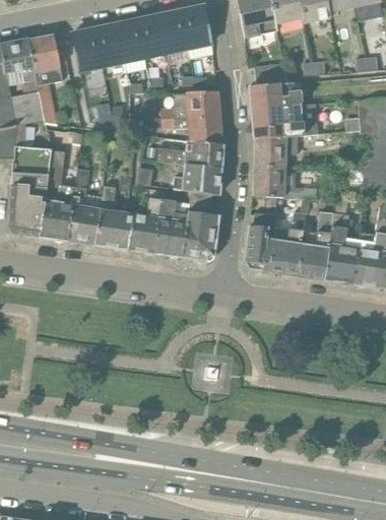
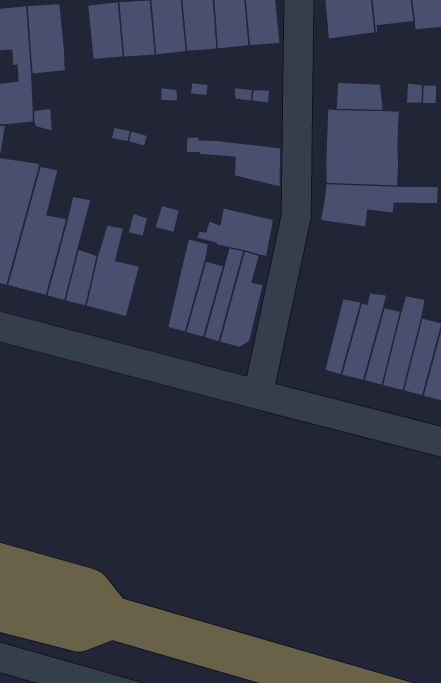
building: [186,91,219,117] -> none
building: [156,140,222,168] -> none
building: [253,165,317,198] -> none
building: [125,187,162,252] -> none
building: [245,211,276,269] -> none

